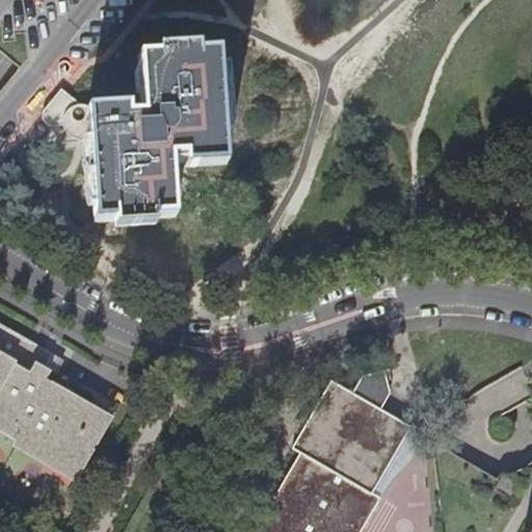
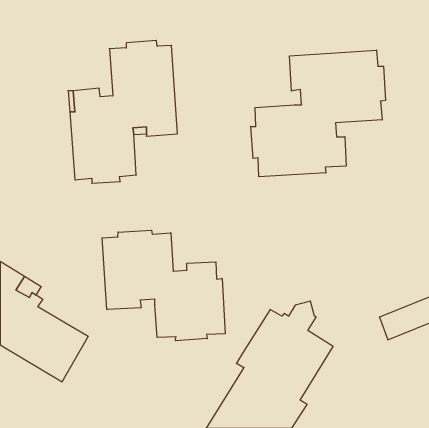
building: none -> [251,50,385,177]
building: none -> [102,230,225,341]

